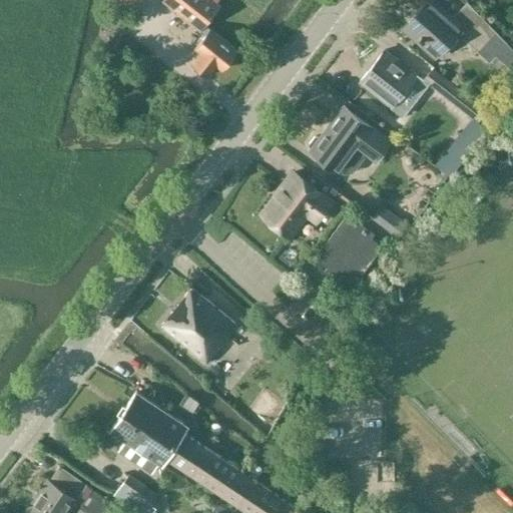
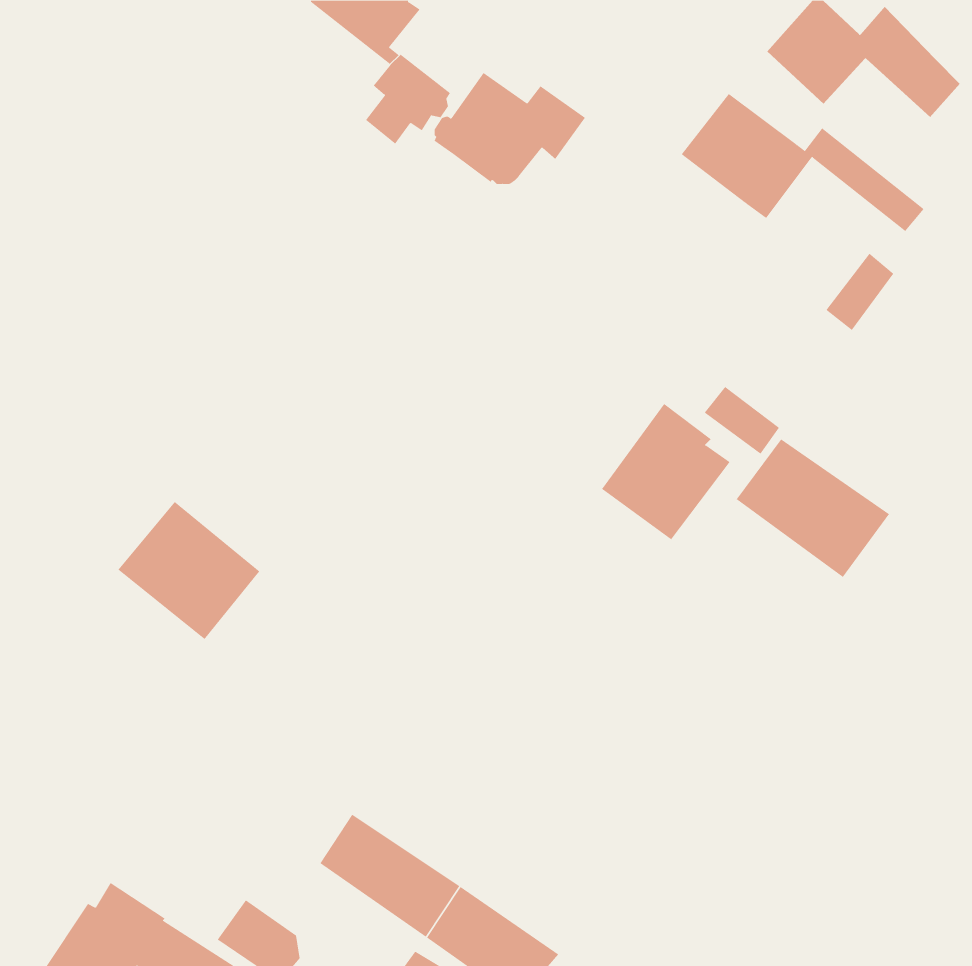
building: [310,117,390,176] -> [434,72,586,184]
building: [264,175,329,236] -> none
building: none -> [736,438,890,578]
building: [160,291,235,364] -> [117,501,260,640]
building: [110,392,188,476] -> none

